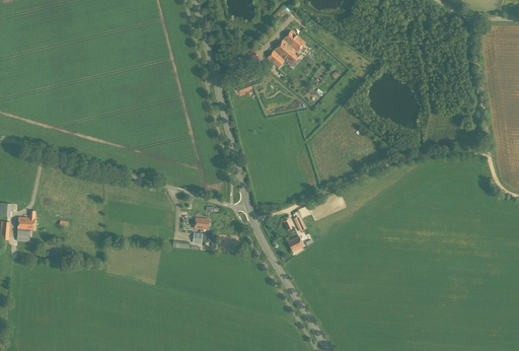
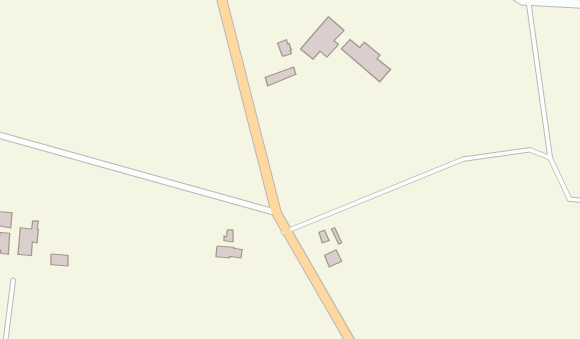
building: none -> [341,39,391,82]

